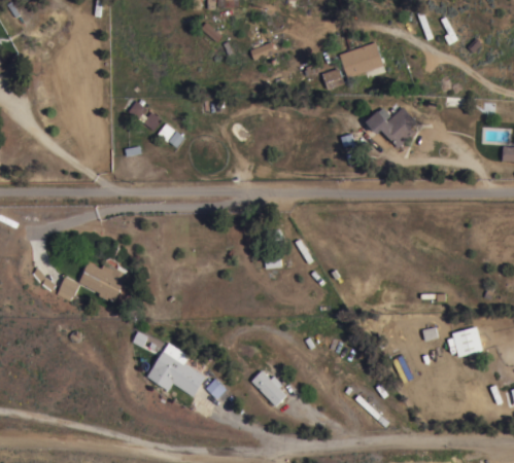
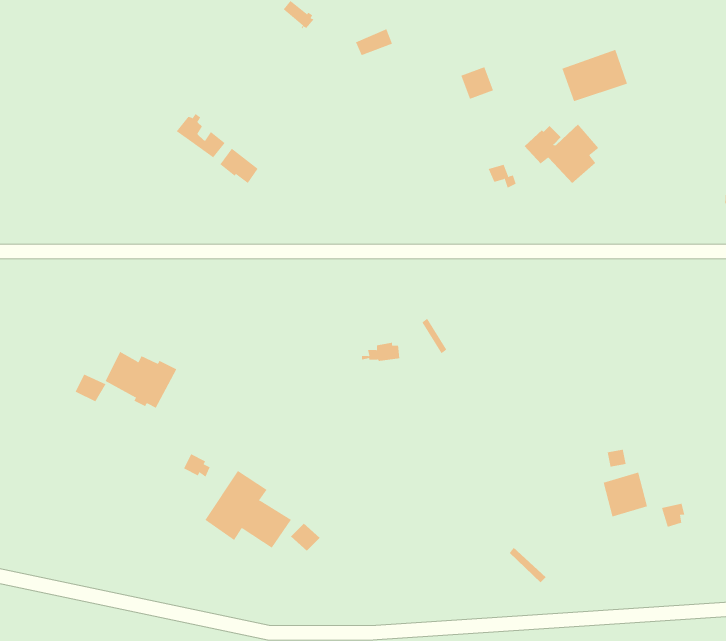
building: [338,41,383,77] -> [561,49,628,102]
building: [451,326,482,357] -> [603,472,648,517]
building: [250,370,285,405] -> none

